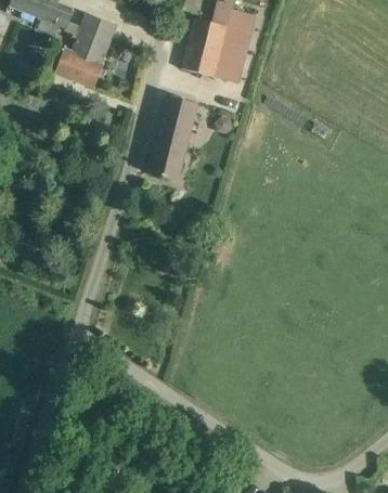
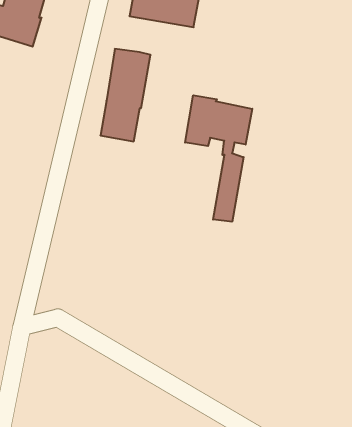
building: none -> [185,95,252,222]

